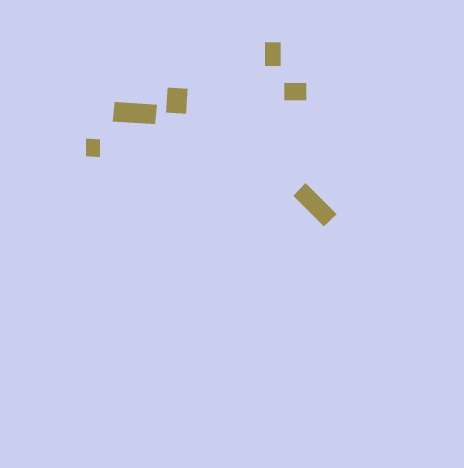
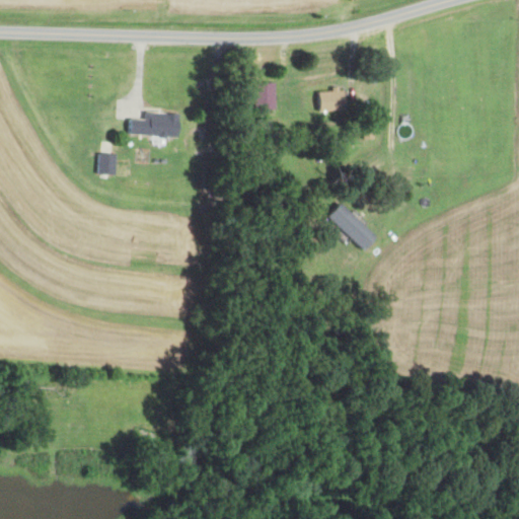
building: [264,42,282,67] -> [256,83,276,110]
building: [165,87,188,114] -> none

